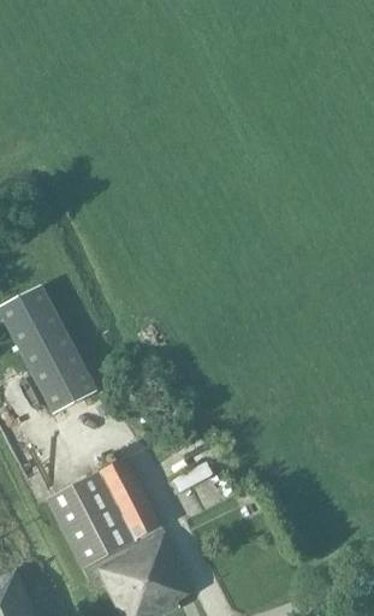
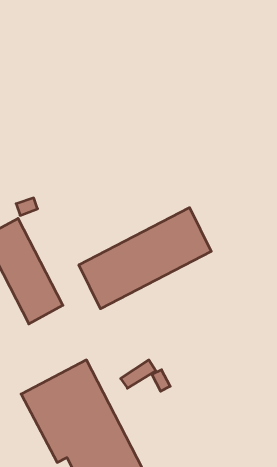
building: none -> [79,208,211,309]

